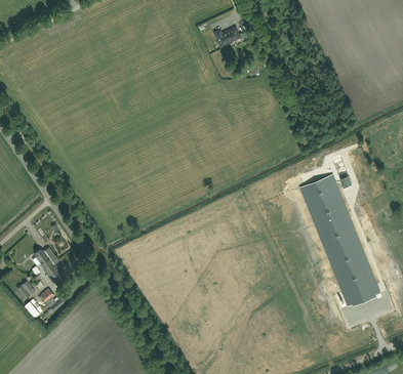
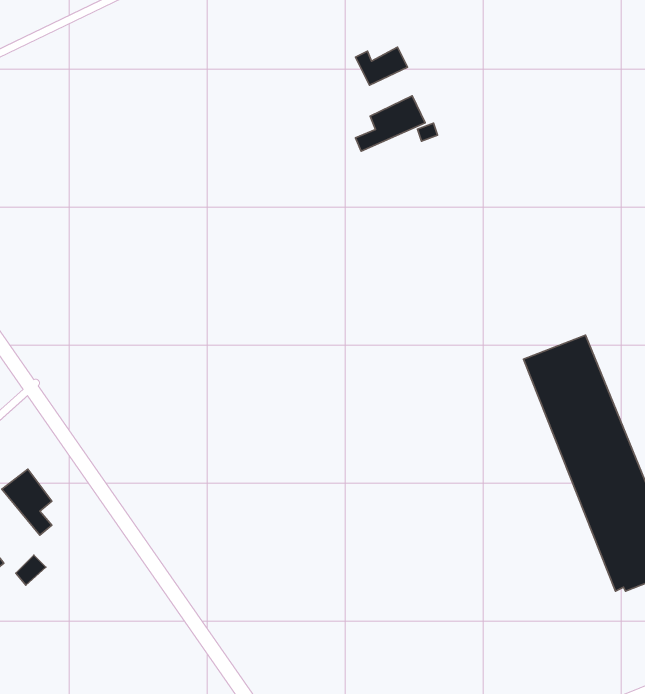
building: none -> [356,96,425,151]

